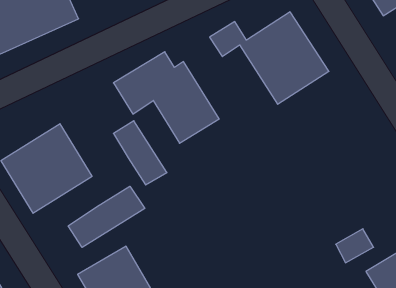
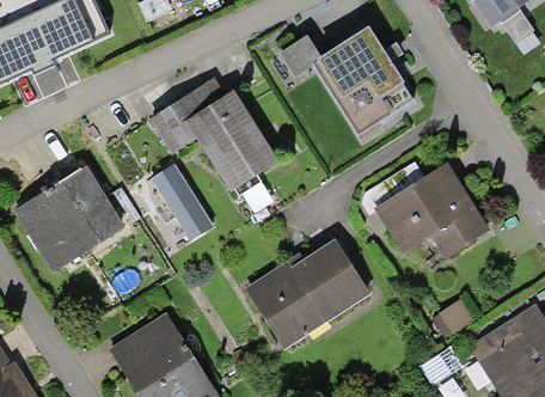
building: none -> [373,164,486,259]
building: none -> [245,234,367,348]
building: [68,186,145,247] -> none

